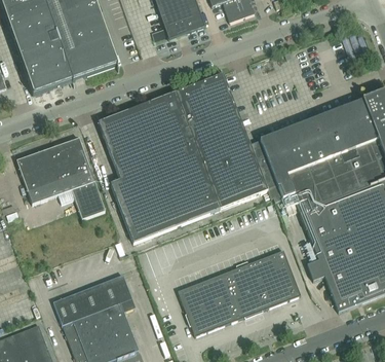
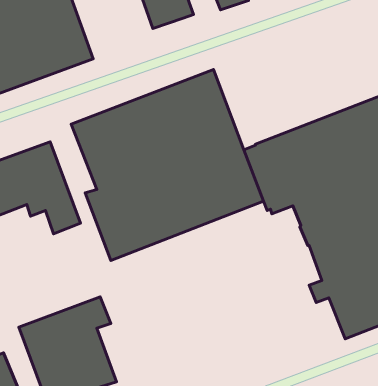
building: [178,248,300,333] -> none

